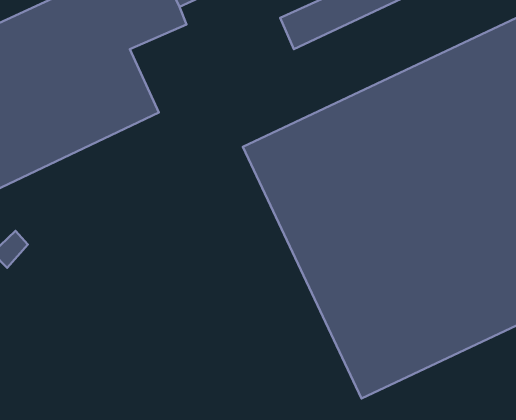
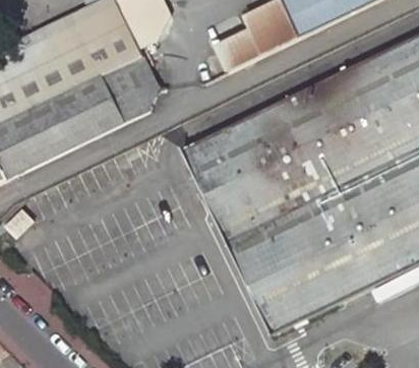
building: none -> [102,54,161,120]

